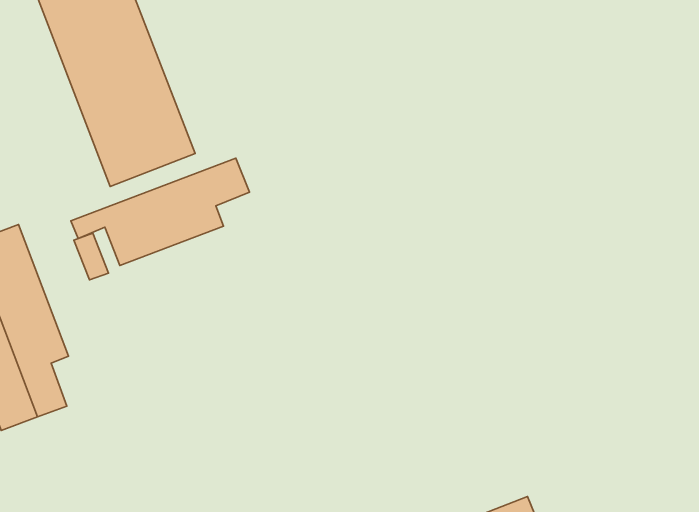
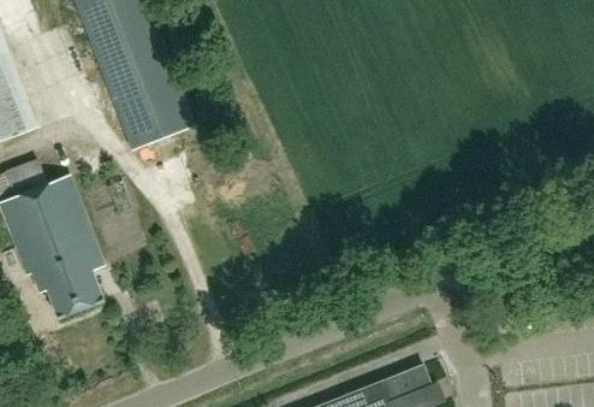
building: [71,158,249,266] -> none

